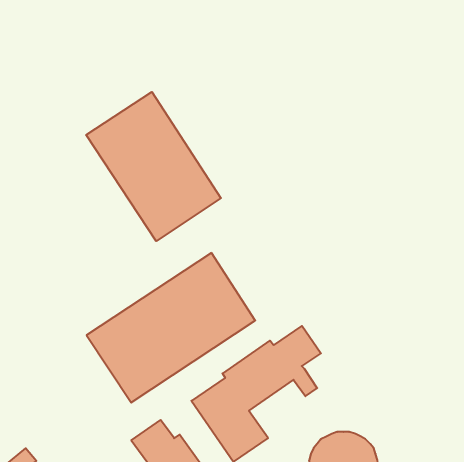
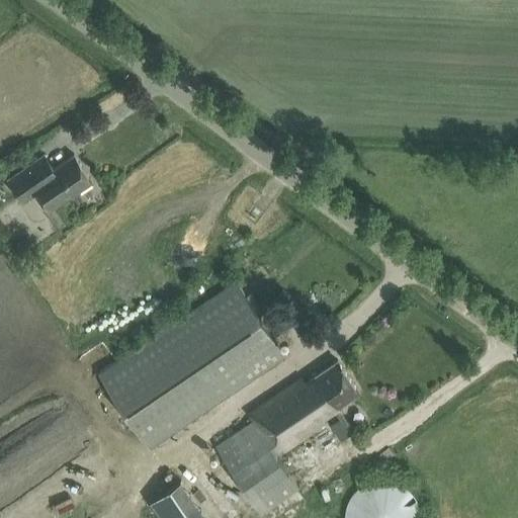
building: [86,92,221,241] -> none
building: none -> [6,159,90,214]

